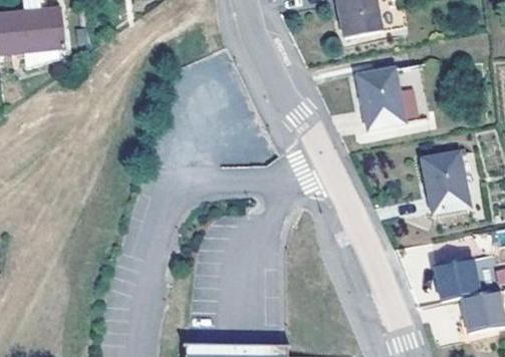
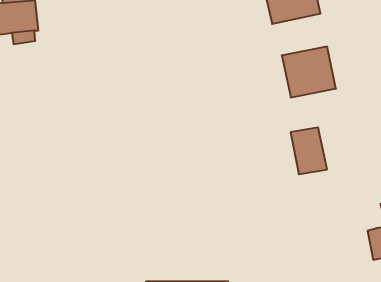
building: [419,150,464,209] -> [291,127,327,174]
building: [434,257,473,296] -> none

